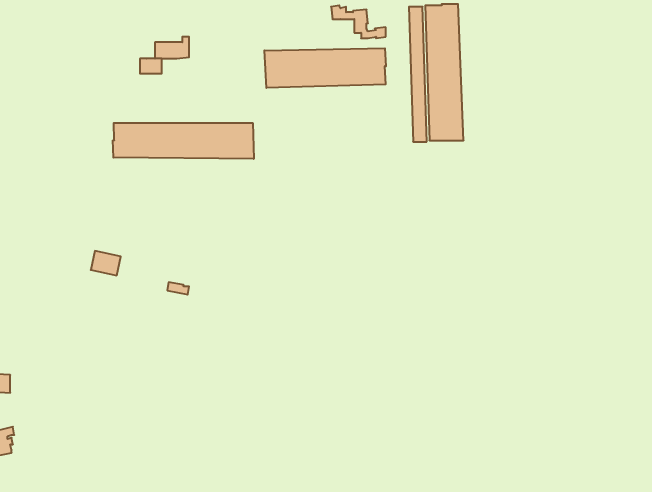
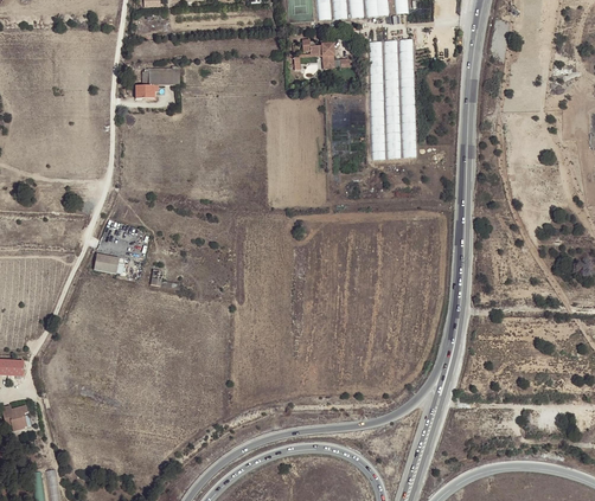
building: [264,48,386,88] -> none
building: [113,123,254,159] -> none

